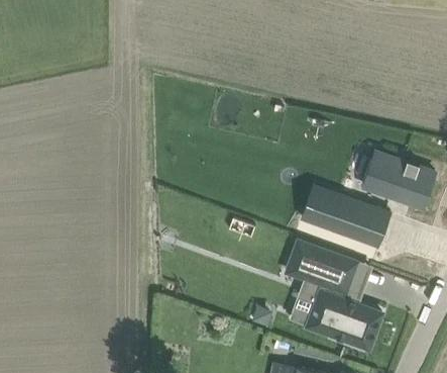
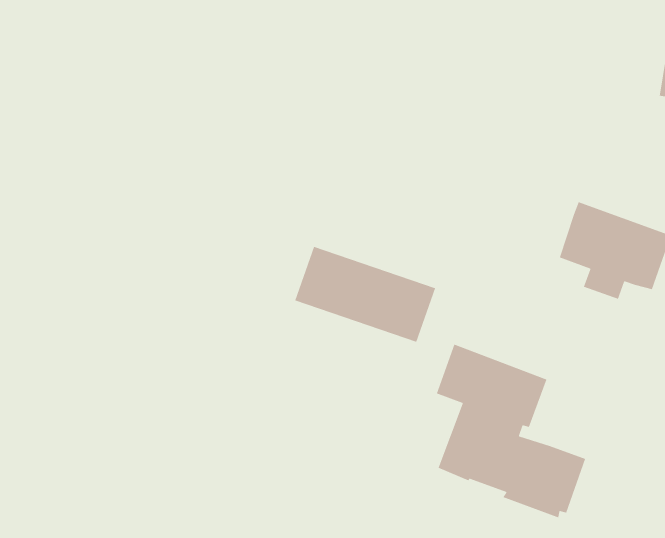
building: [298,187,386,248] -> [294,246,436,343]

